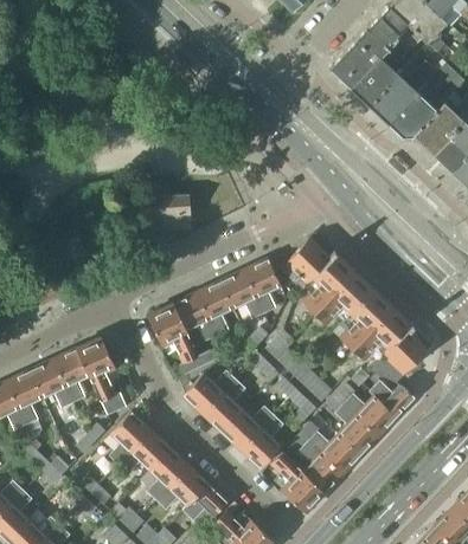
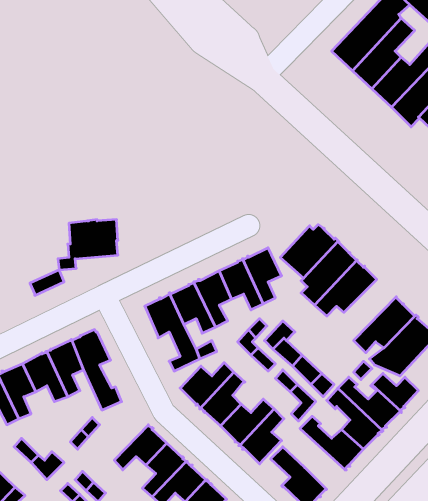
building: [132,194,190,242] -> [58,220,118,270]
building: [340,289,393,348] -> none
building: [109,412,153,464] -> none
building: [290,433,344,492] -> none

